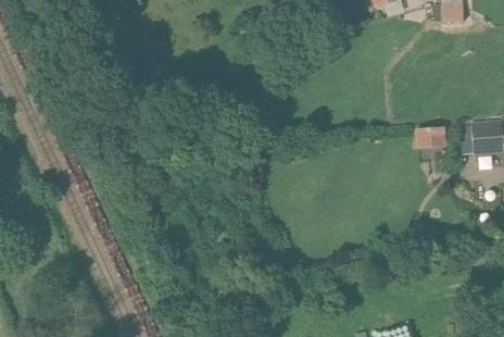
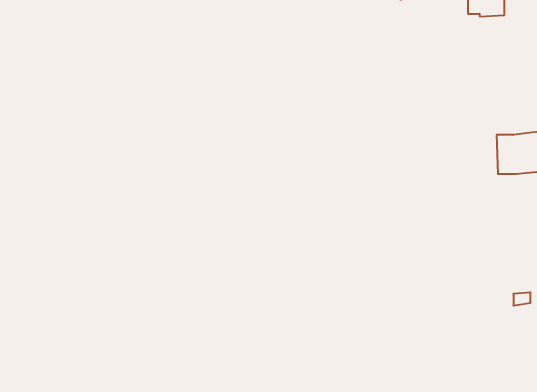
building: [416,126,448,147] -> none

